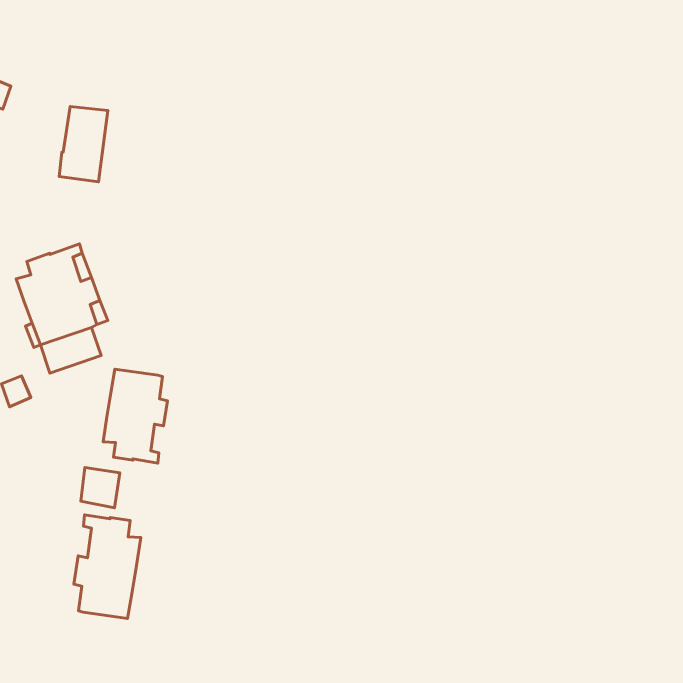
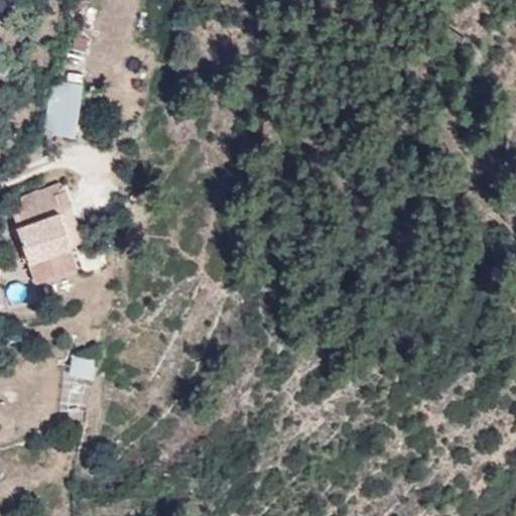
building: [103,369,167,463] -> none
building: [74,515,141,619] -> none

